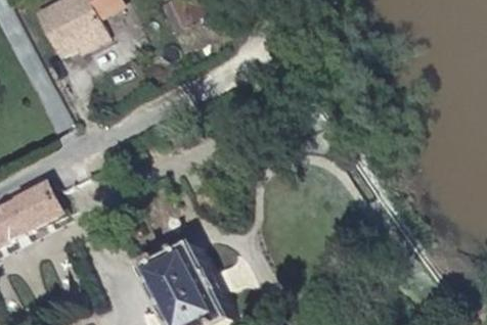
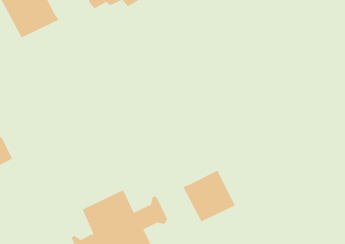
building: none -> [183,170,235,222]

